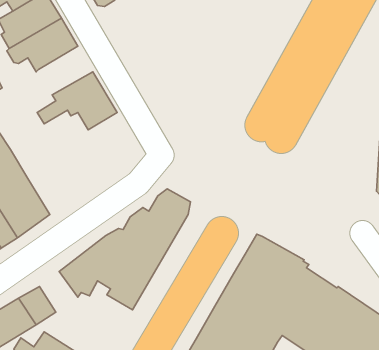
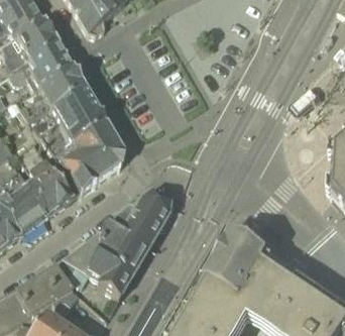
building: none -> [26,70,87,119]
building: none -> [44,125,124,194]
building: none -> [19,146,73,216]
building: none -> [40,265,80,315]

